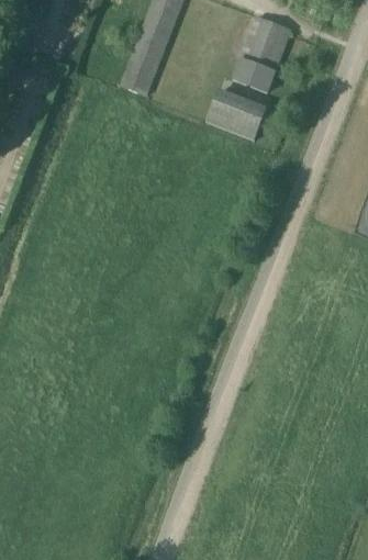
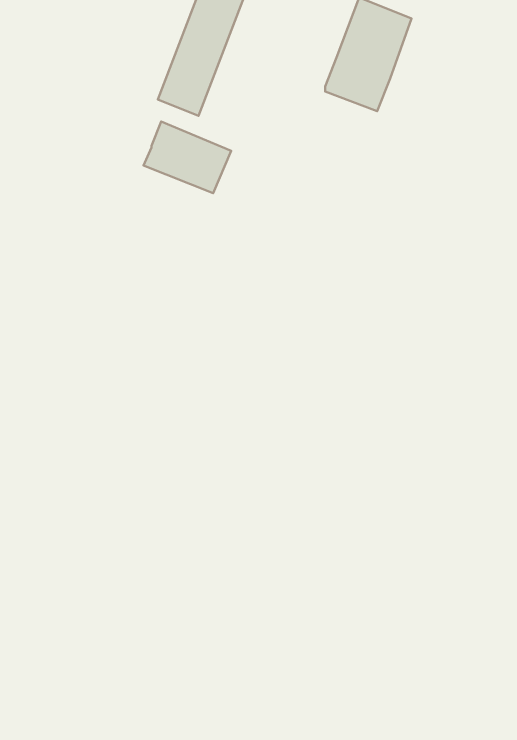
building: [207,88,266,136] -> [143,121,231,193]

